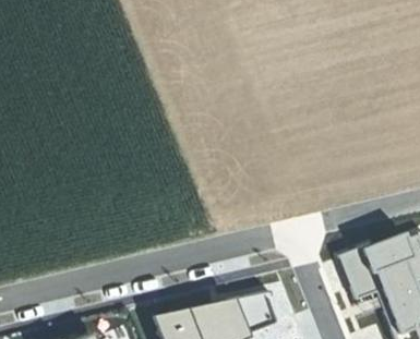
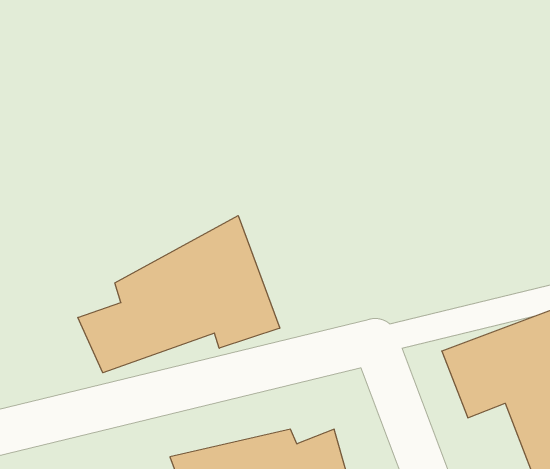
building: none -> [78,216,280,373]

